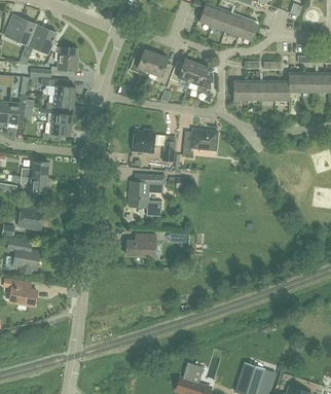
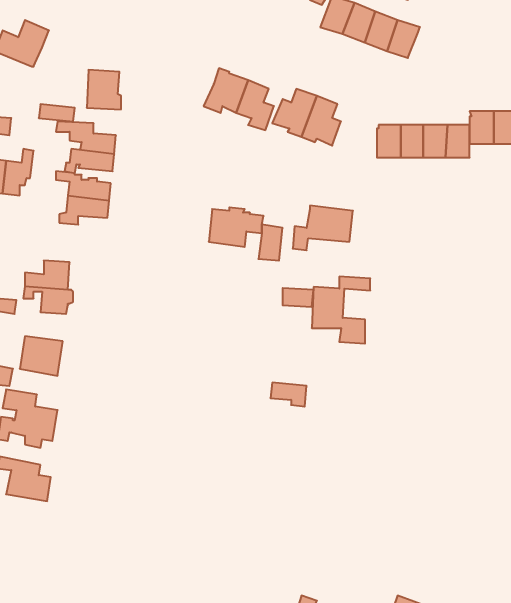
building: [21,27,60,60] -> none
building: [130,176,164,216] -> [312,277,370,344]
building: [125,235,155,257] -> none

